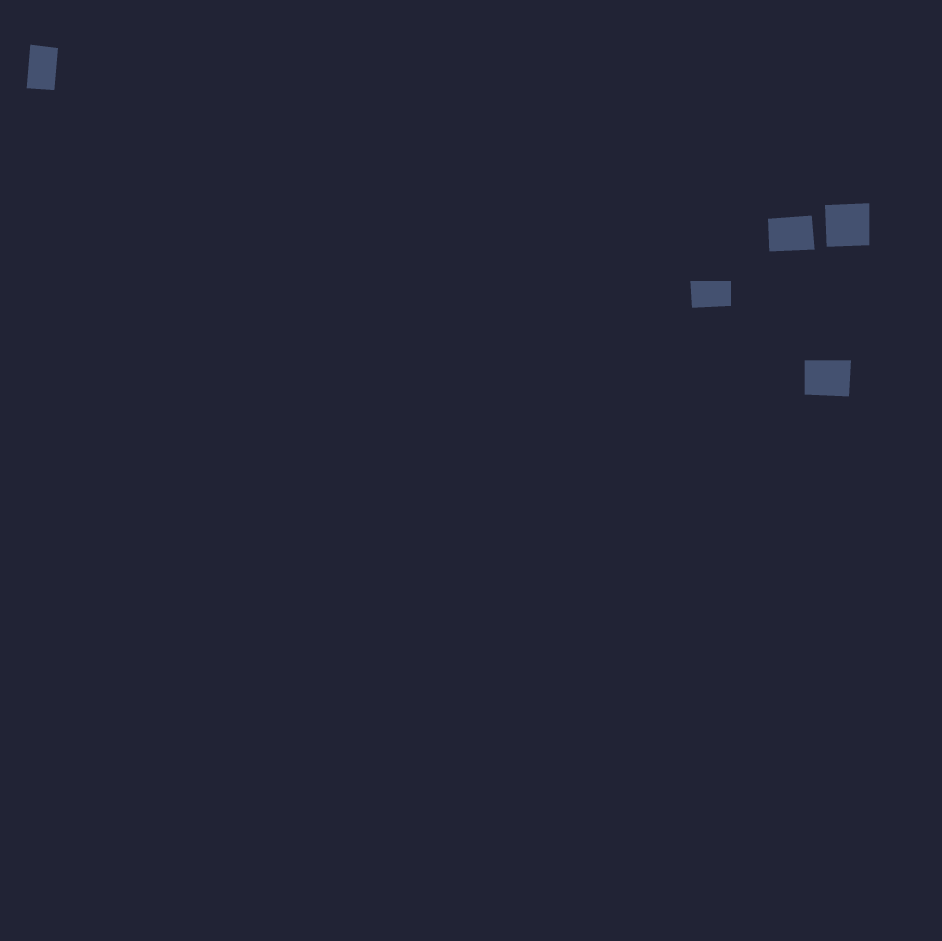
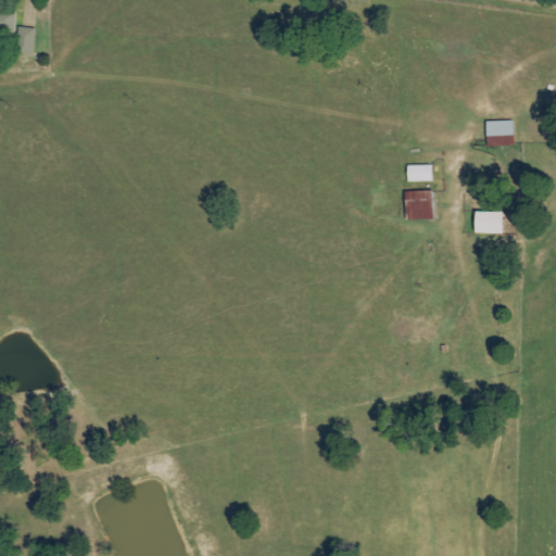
building: [767,215,815,252] -> none
building: none -> [405,191,432,219]

